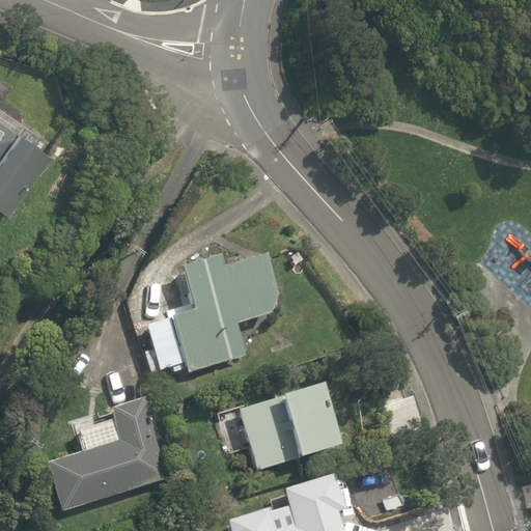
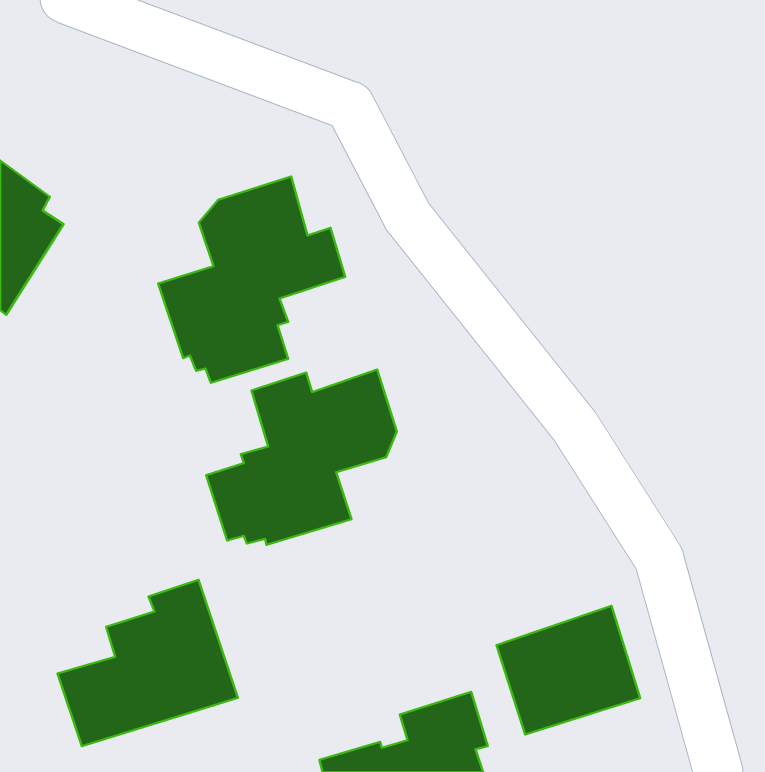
building: none -> [158,177,345,383]
building: [237,383,336,471] -> [496,606,640,735]

